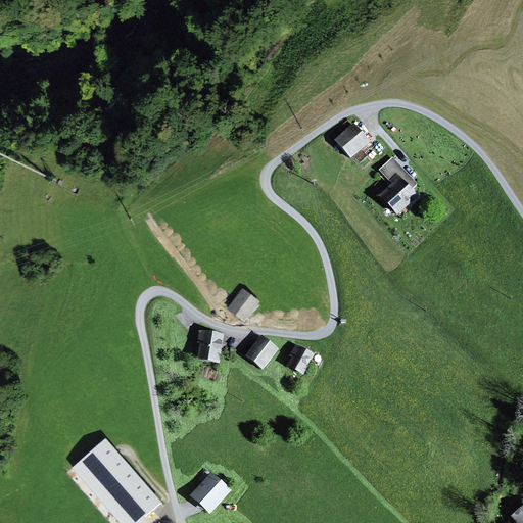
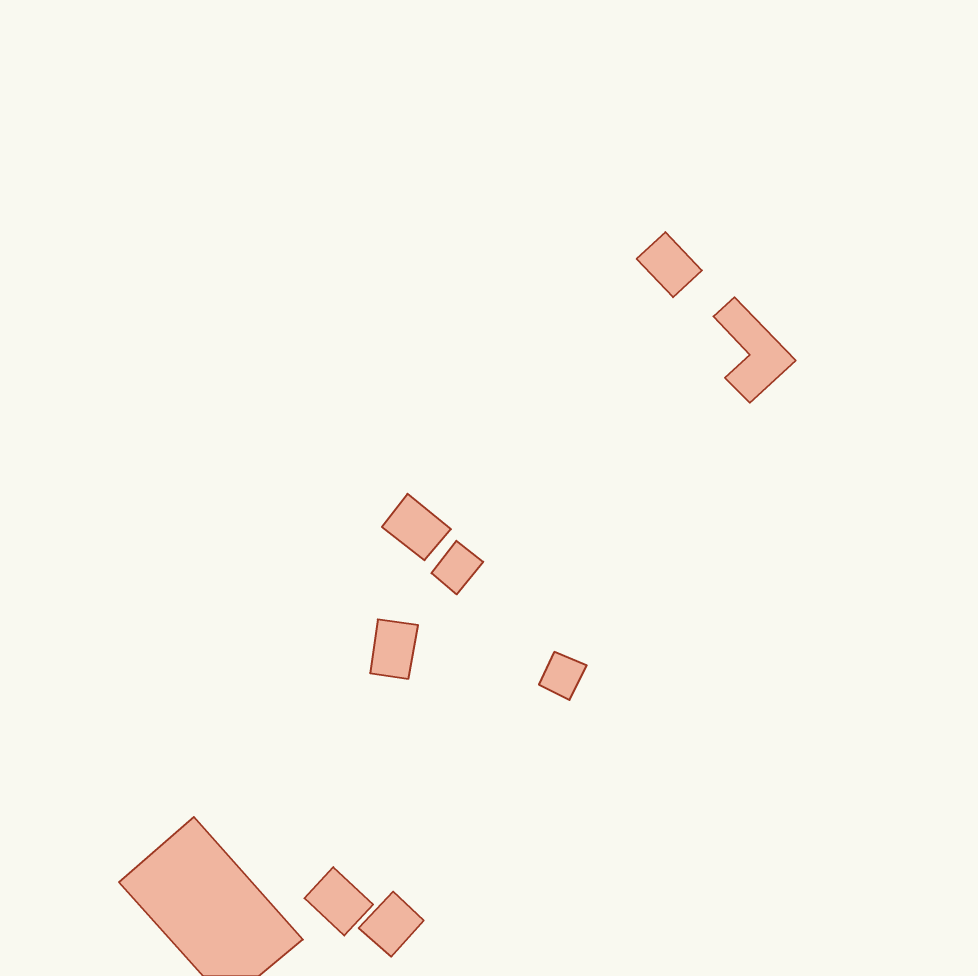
building: none -> [382,494,451,560]
building: [247,335,277,366] -> none
building: none -> [304,867,373,936]

